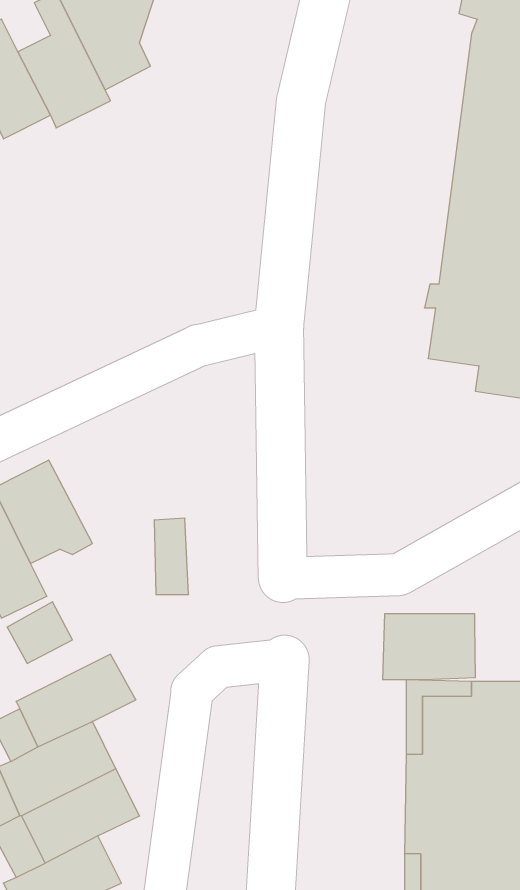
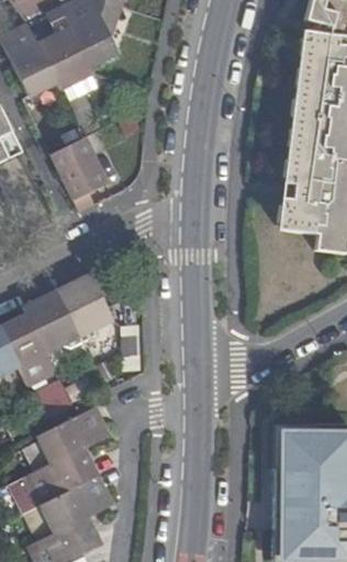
building: none -> [49,136,107,212]
building: none -> [56,272,113,340]
building: [383,614,475,680] -> none

